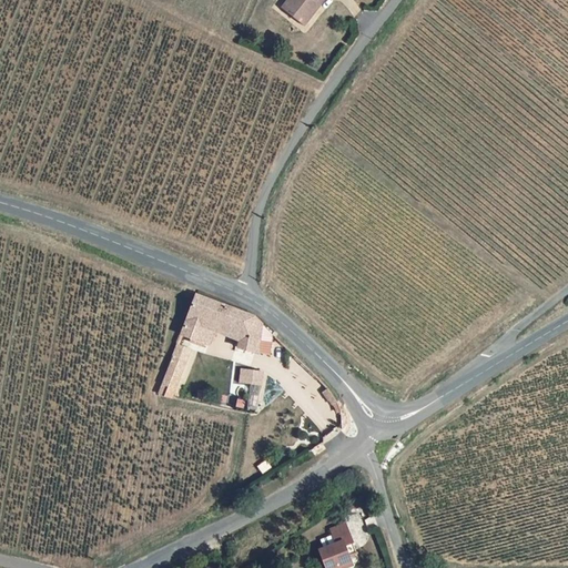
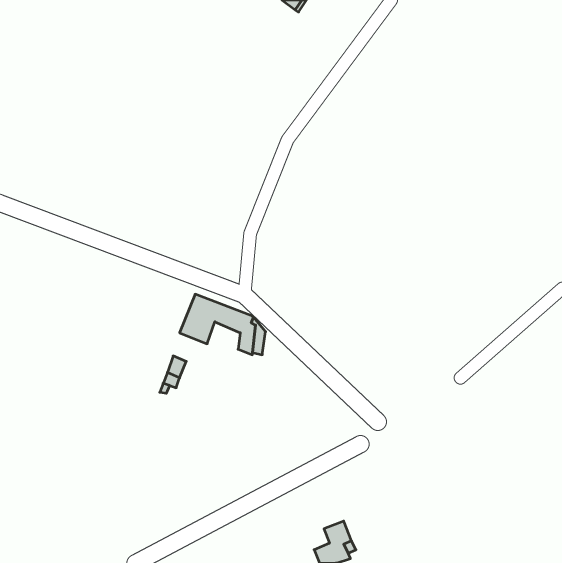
building: [237,369,260,412] -> none

